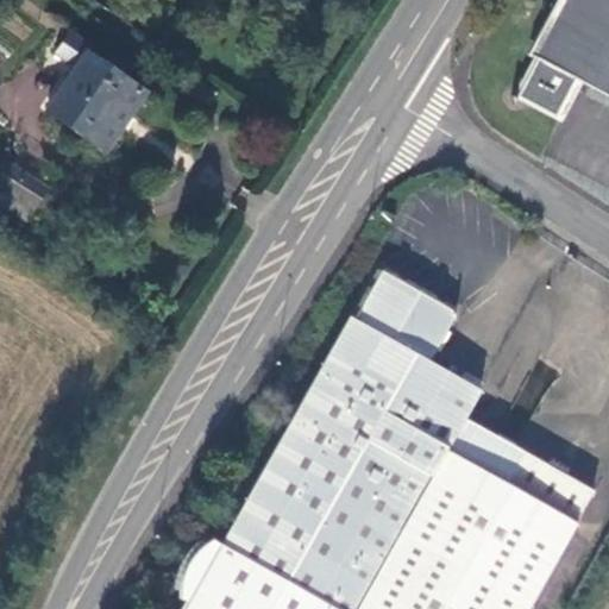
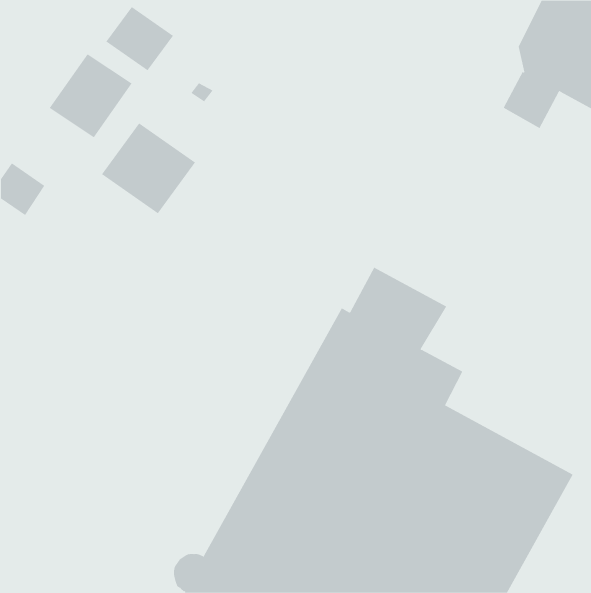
building: none -> [106,6,174,71]
building: none -> [101,123,196,214]

